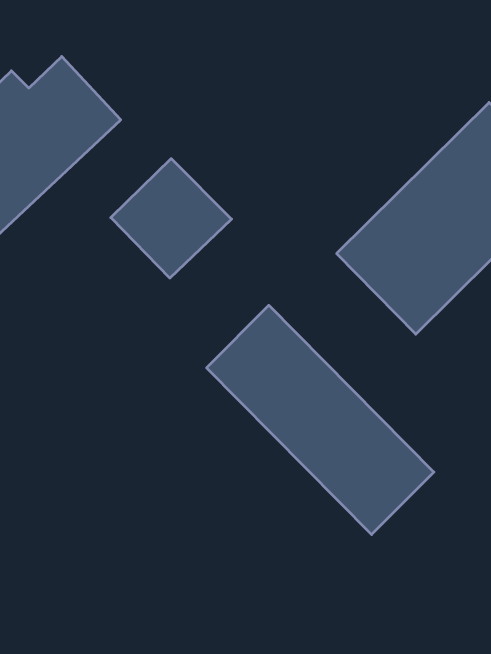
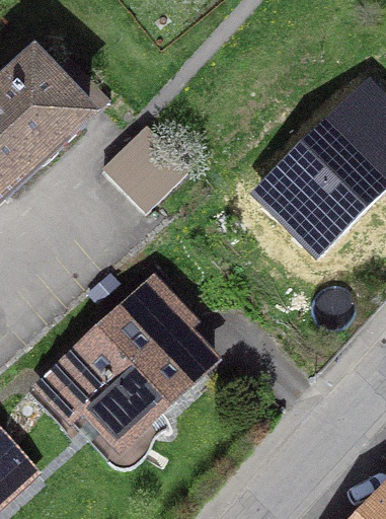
building: [207,305,434,535] -> none
building: none -> [51,284,211,449]

